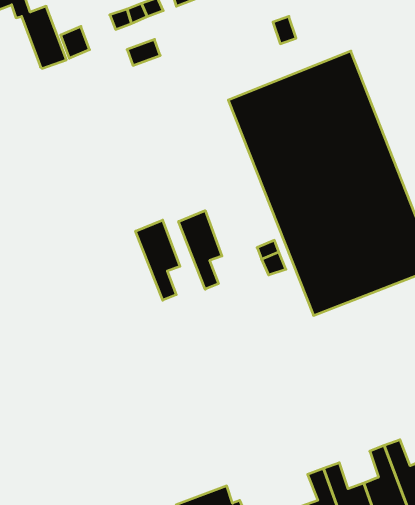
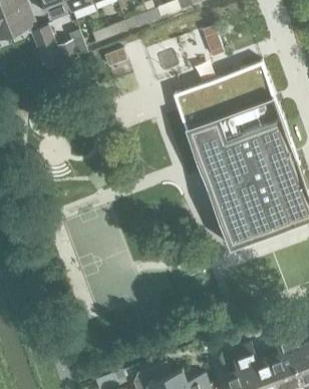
building: [179,211,222,289] -> none
building: [136,220,180,300] -> none

